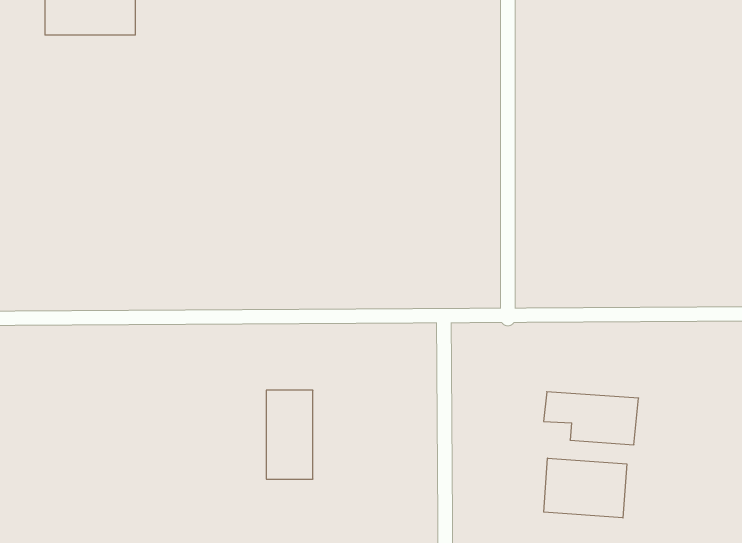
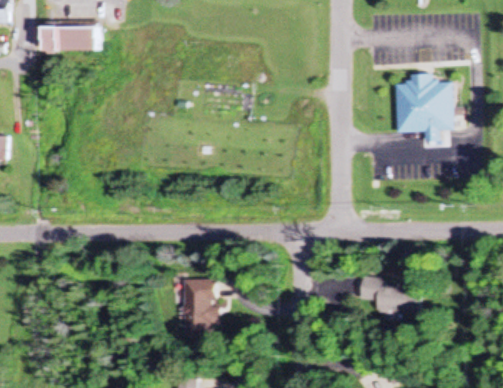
building: none -> [396,72,453,139]
building: [544,458,627,518] -> none

